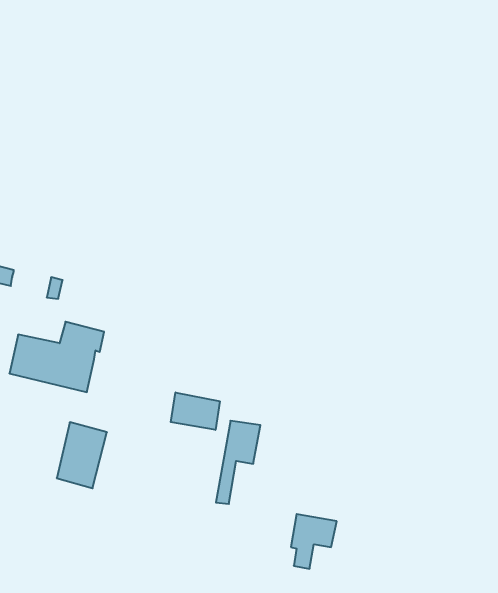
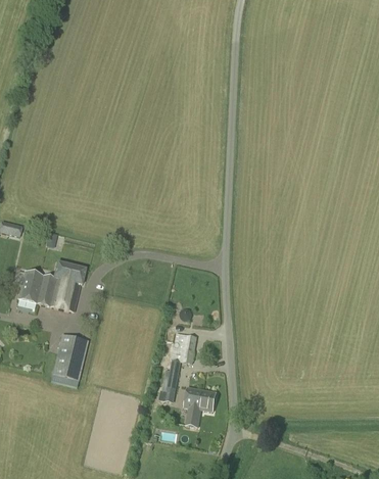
building: [171,392,220,430] -> none
building: [291,514,337,569] -> [184,387,217,426]

